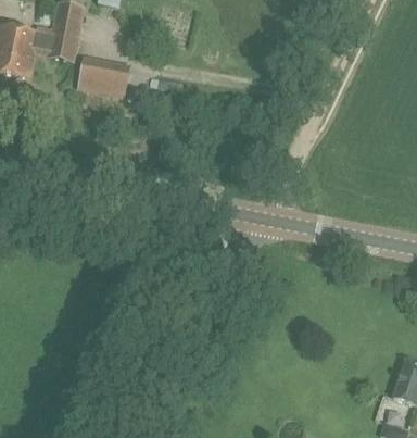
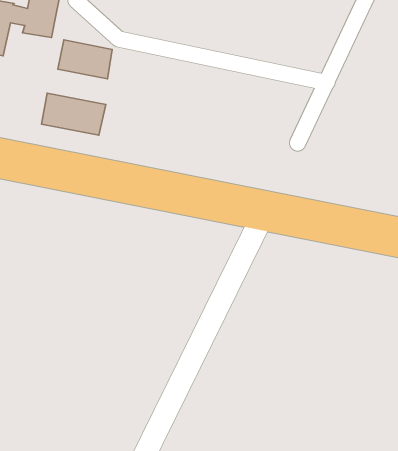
building: none -> [41,93,106,135]

